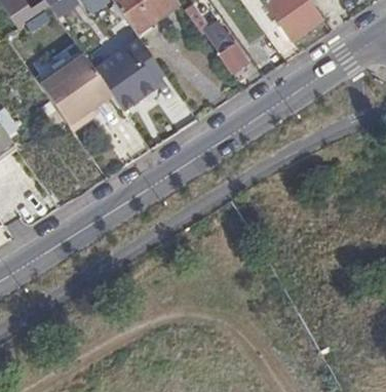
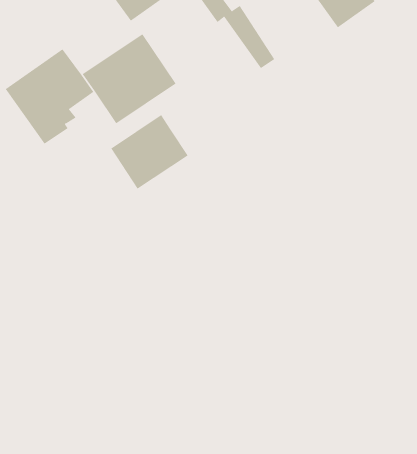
building: none -> [110,114,189,190]

